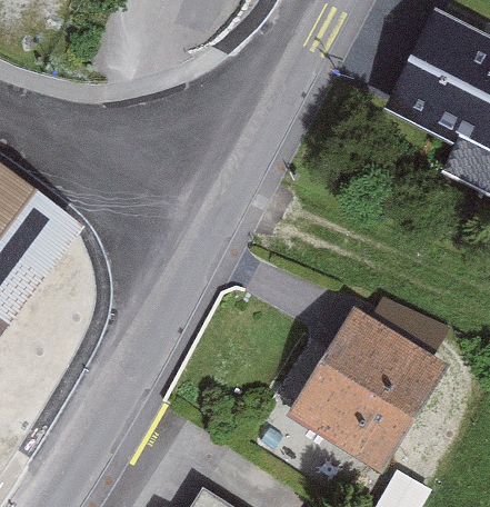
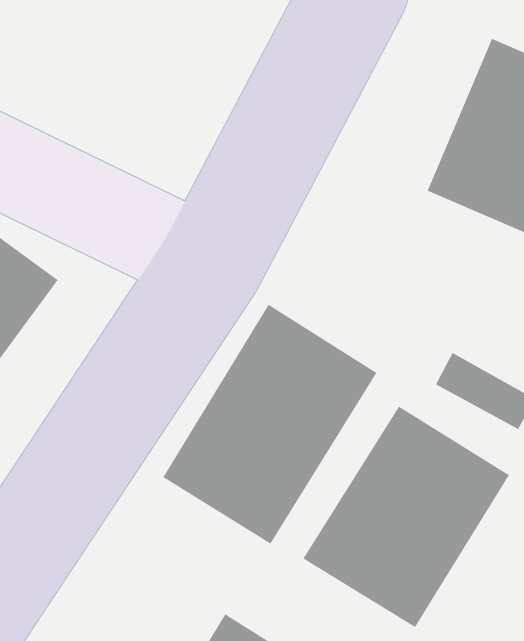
building: none -> [162,304,377,545]

